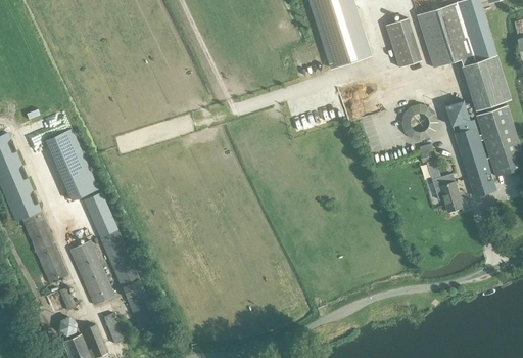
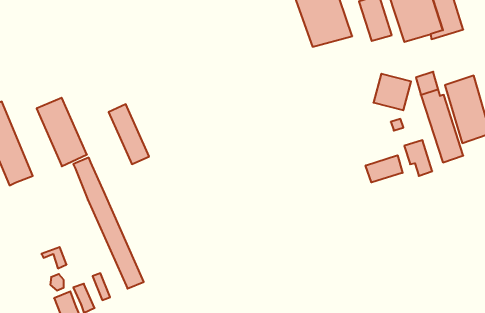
building: [461,55,510,110] -> none
building: none -> [366,155,403,182]
building: [20,211,66,283] -> none
building: [68,240,111,304] -> [109,104,149,164]

